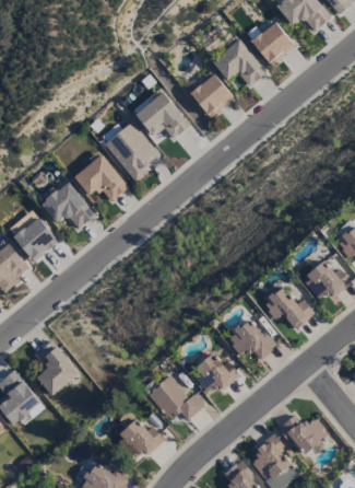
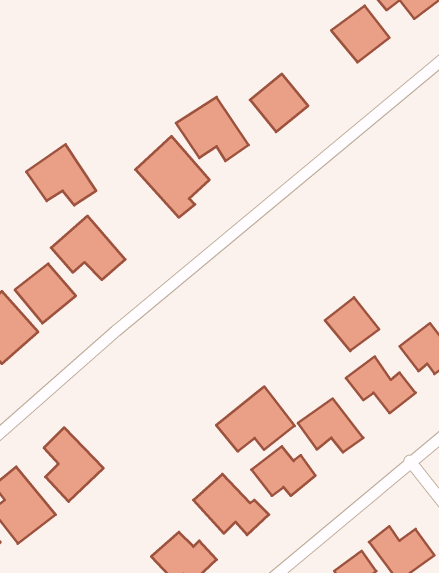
building: [212,37,267,85] -> none
building: [74,153,127,199] -> [26,144,96,205]
building: none -> [325,297,379,351]
building: none -> [216,387,295,451]

